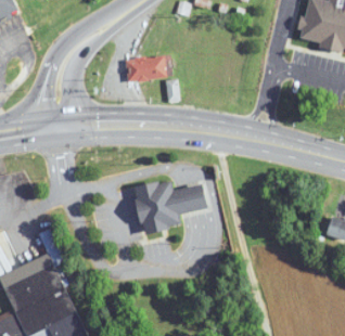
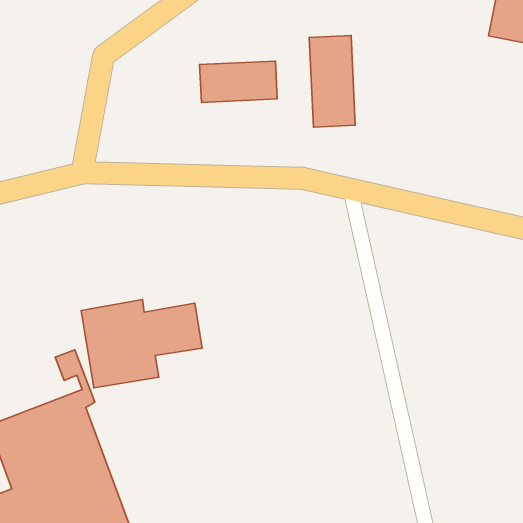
building: none -> [309,35,355,127]
building: [135,179,207,232] -> [81,300,202,388]

